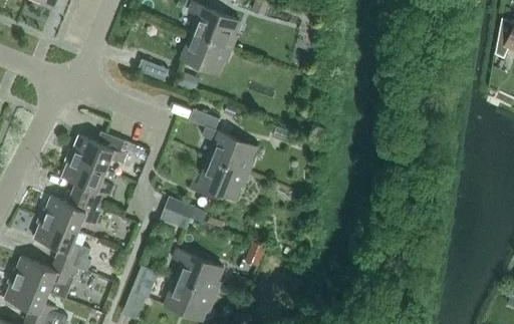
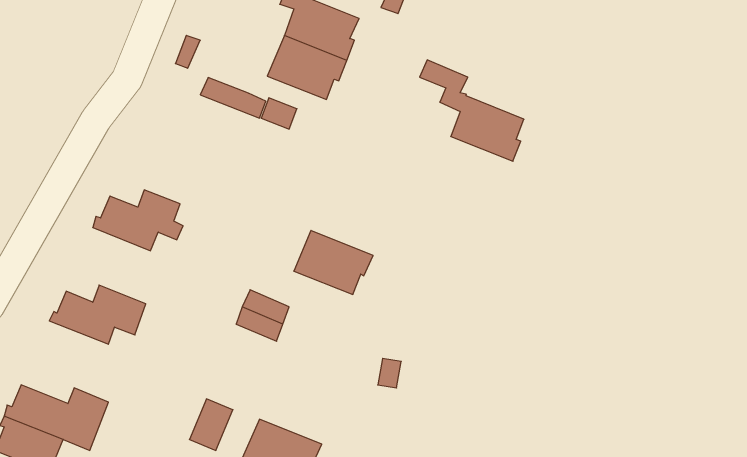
building: [189,108,256,174] -> [420,60,524,161]
building: [62,155,113,205] -> none
building: [34,216,91,271] -> none
building: [172,249,223,295] -> none

